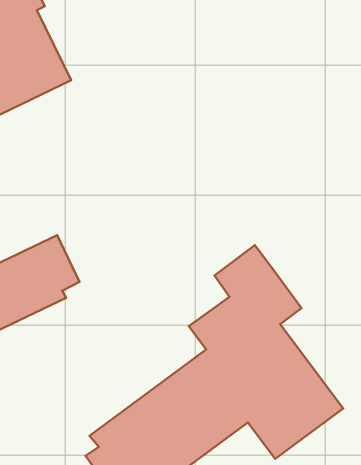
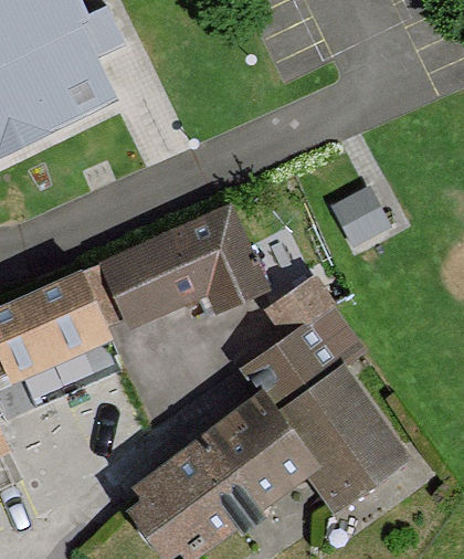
building: none -> [98,205,268,328]

